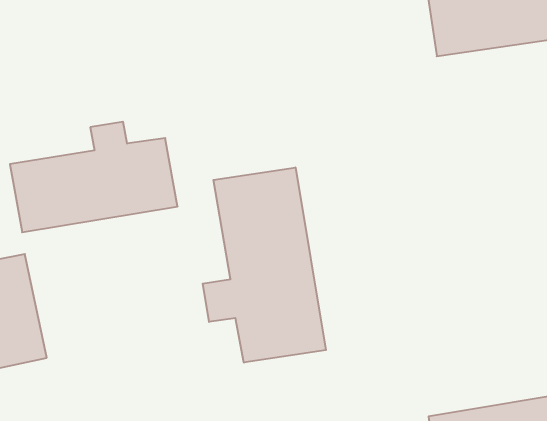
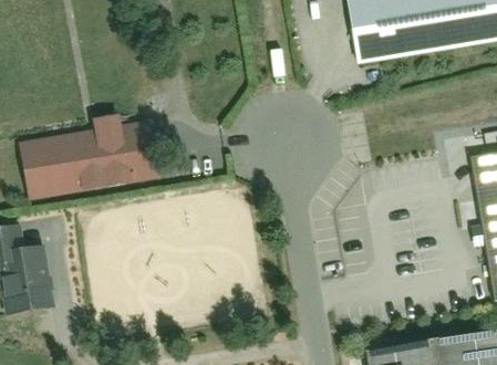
building: [203,167,326,363] -> none

